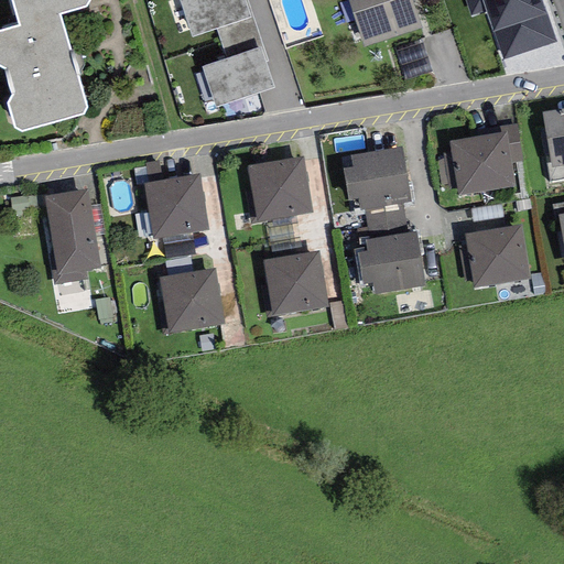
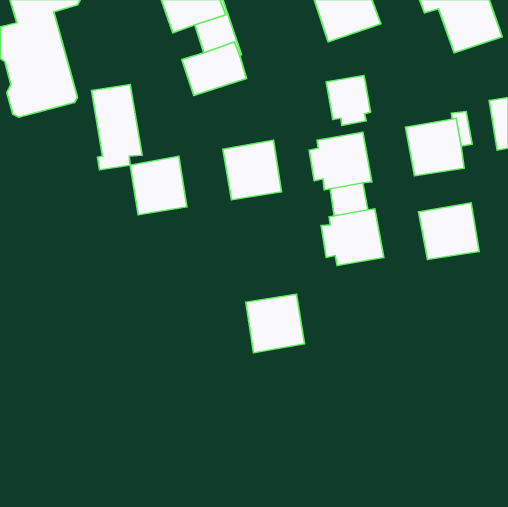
building: none -> [326,75,370,126]
building: [44,189,100,284] -> [91,84,142,170]
building: [262,250,327,315] -> [246,294,304,353]
building: [160,269,223,332] -> none

